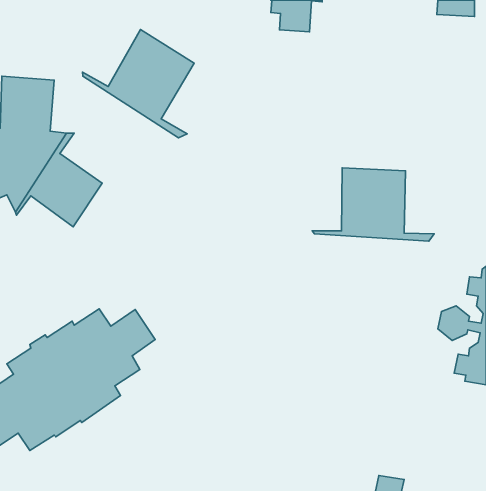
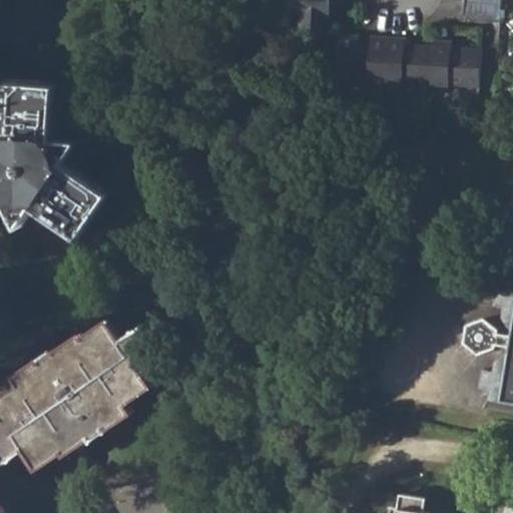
building: [83,30,194,138] -> none
building: none -> [331,37,476,92]
building: [312,168,434,241] -> none

